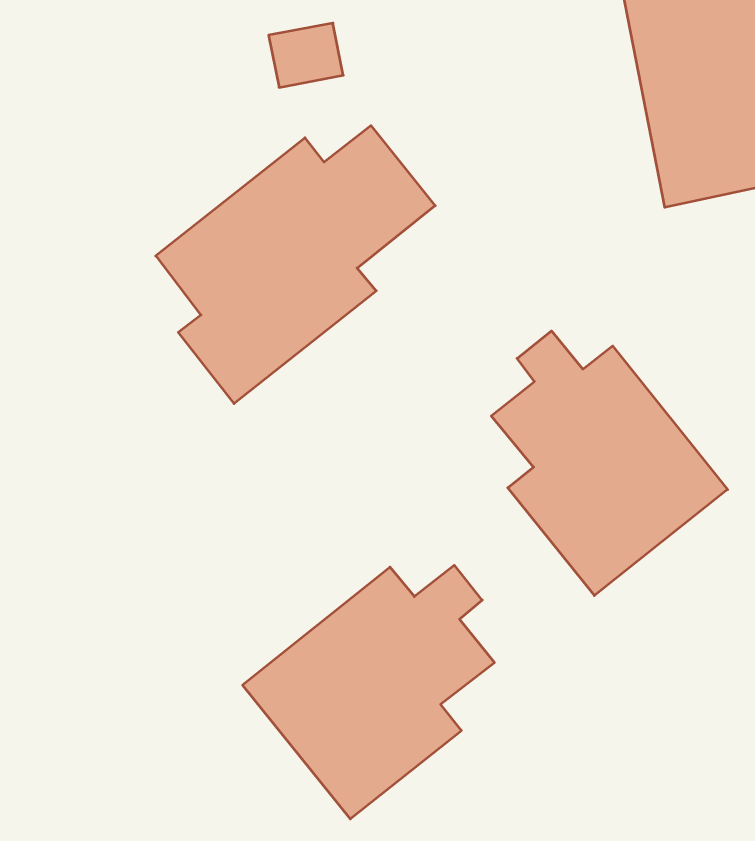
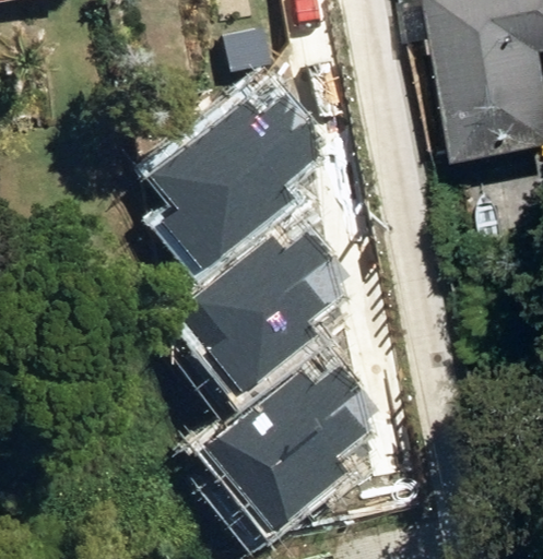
building: [491,331,728,596] -> none
building: none -> [191,236,349,395]

